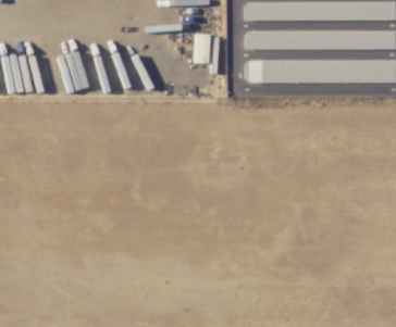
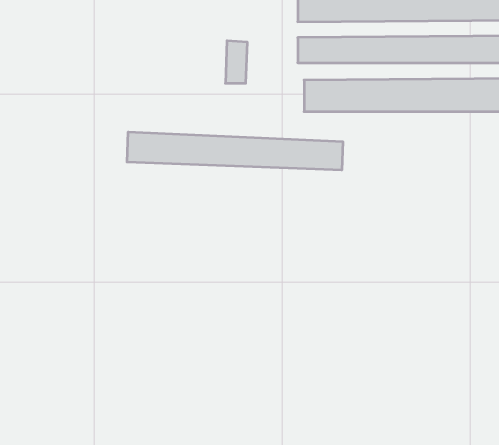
building: none -> [127,132,343,170]

